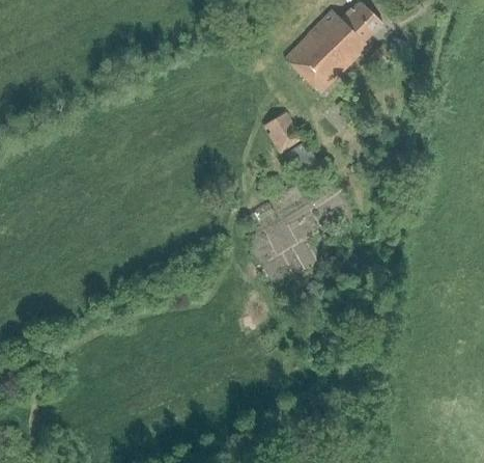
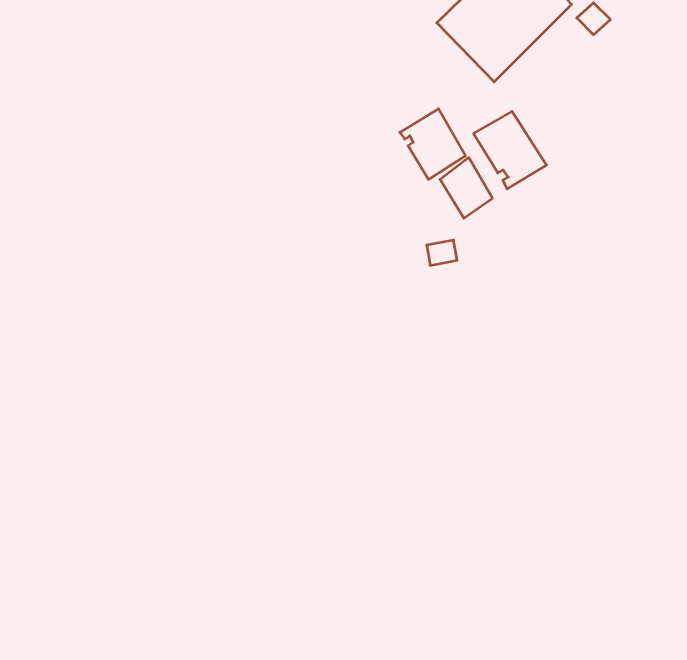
building: none -> [474,111,547,189]

